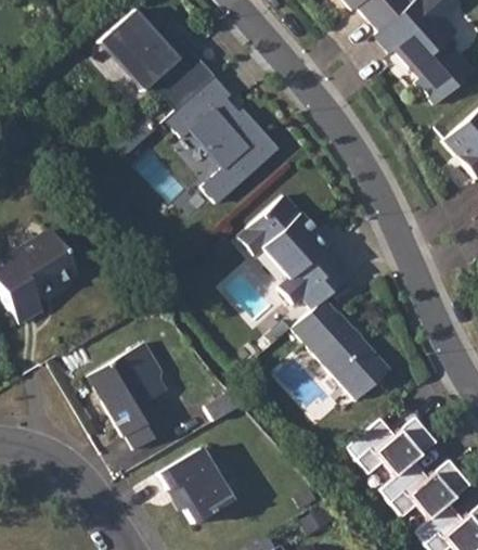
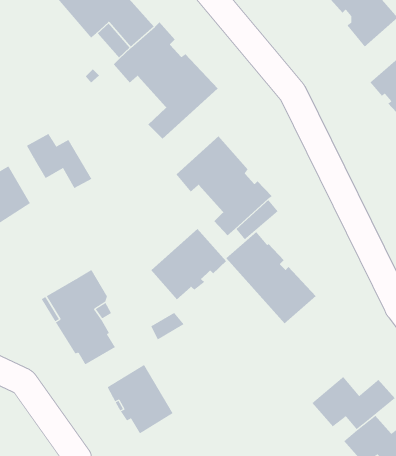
building: none -> [26,133,92,189]
building: none -> [151,228,227,300]
building: [347,418,438,476] -> none

